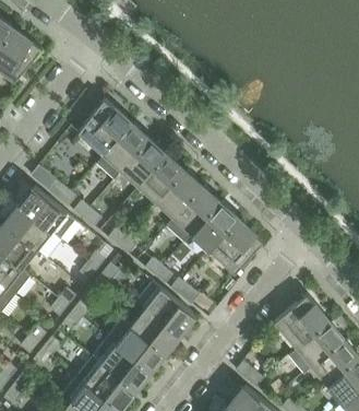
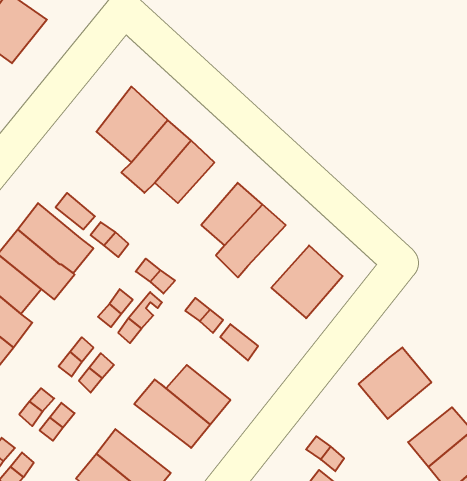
building: [140,156,184,203] -> none
building: [192,203,238,250] -> none
building: [137,282,194,334] -> none
building: [289,321,345,374] -> none
building: [93,338,149,389] -> none

